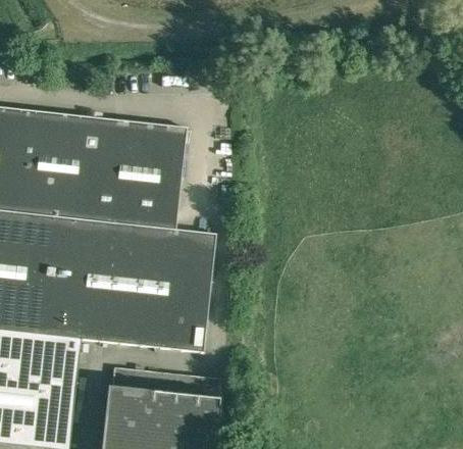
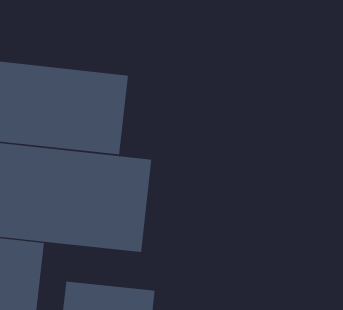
building: [110,366,218,399] -> none

